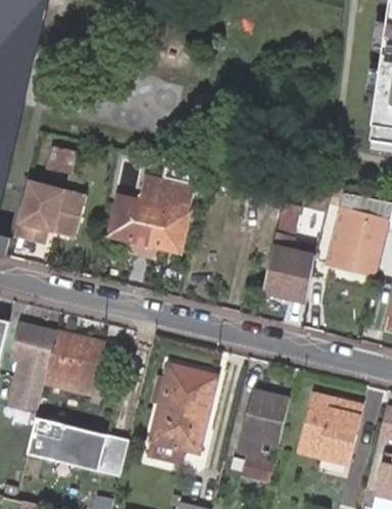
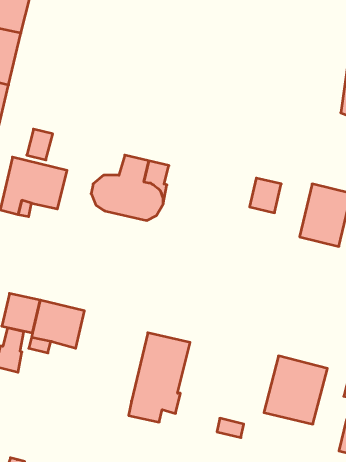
building: [259,243,309,300] -> none
building: [240,389,288,457] -> none
building: [24,415,127,475] -> none

